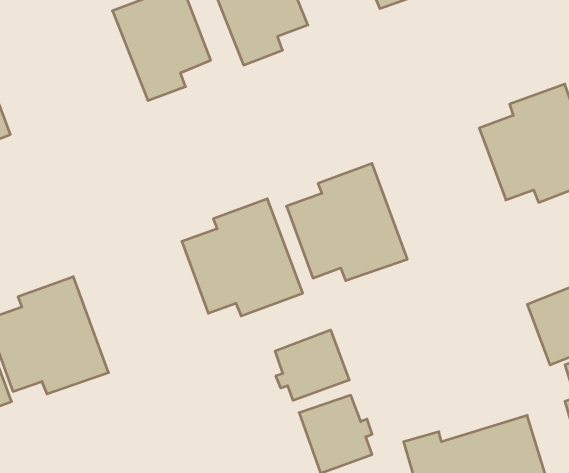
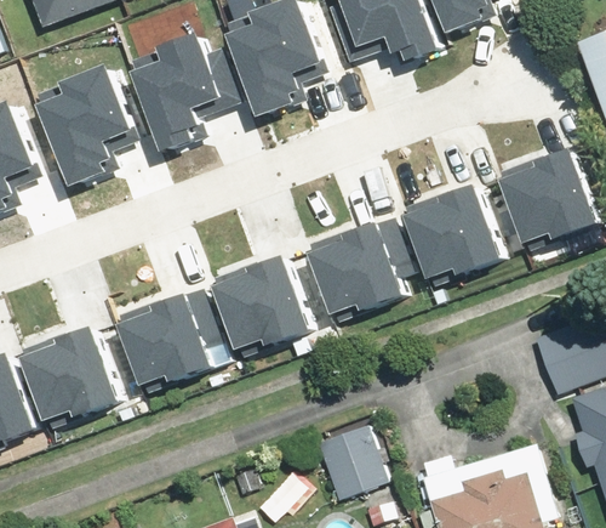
building: none -> [36,66,131,177]
building: none -> [394,169,510,283]
building: none -> [108,277,224,391]
building: [275,330,349,400] -> none

